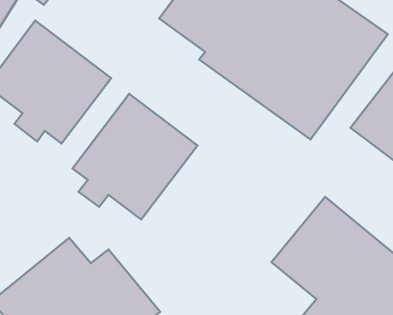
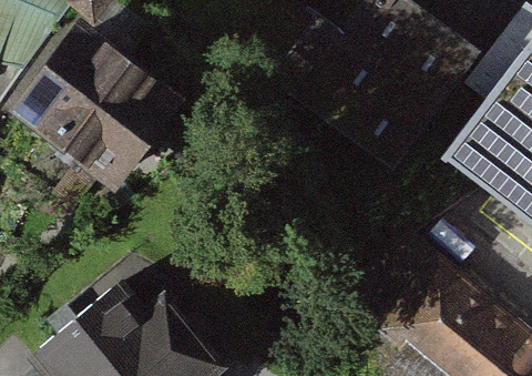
building: [73,94,198,219] -> none

